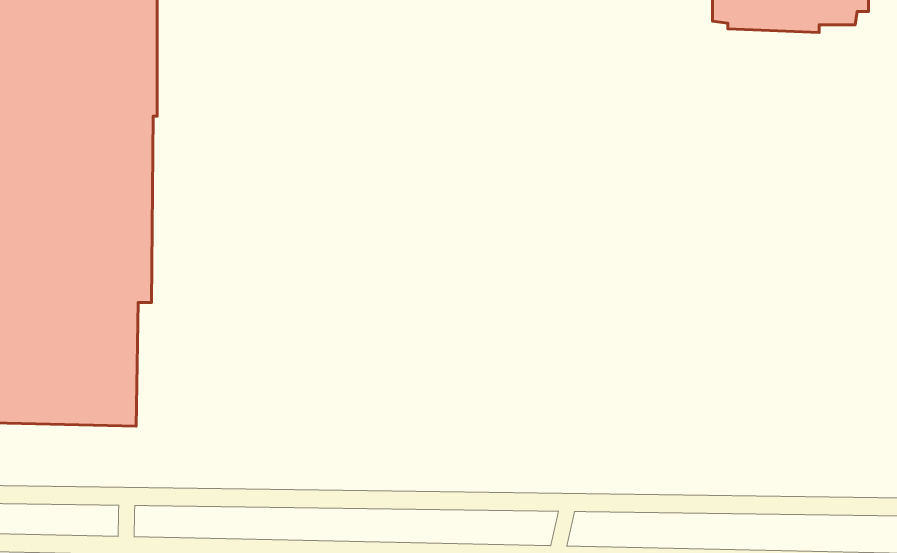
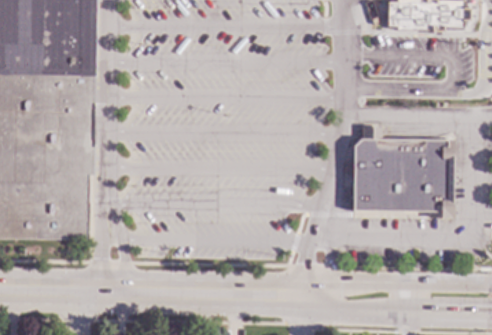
building: none -> [345,126,454,218]

